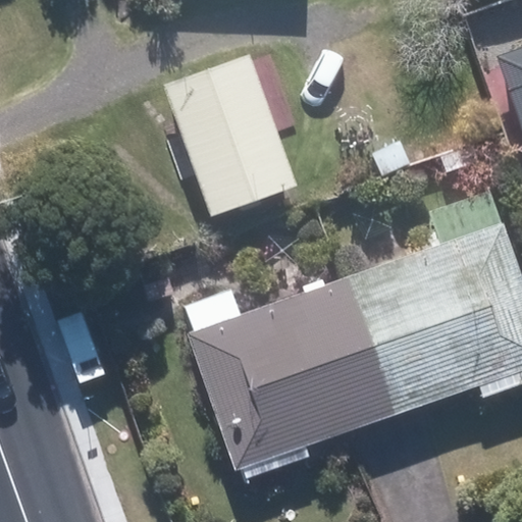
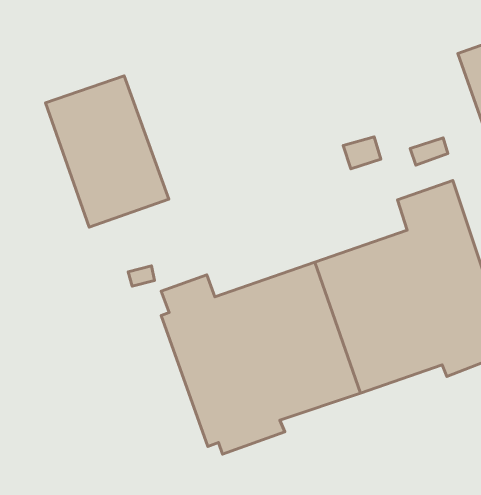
building: [167,57,297,216] -> [45,76,169,227]

